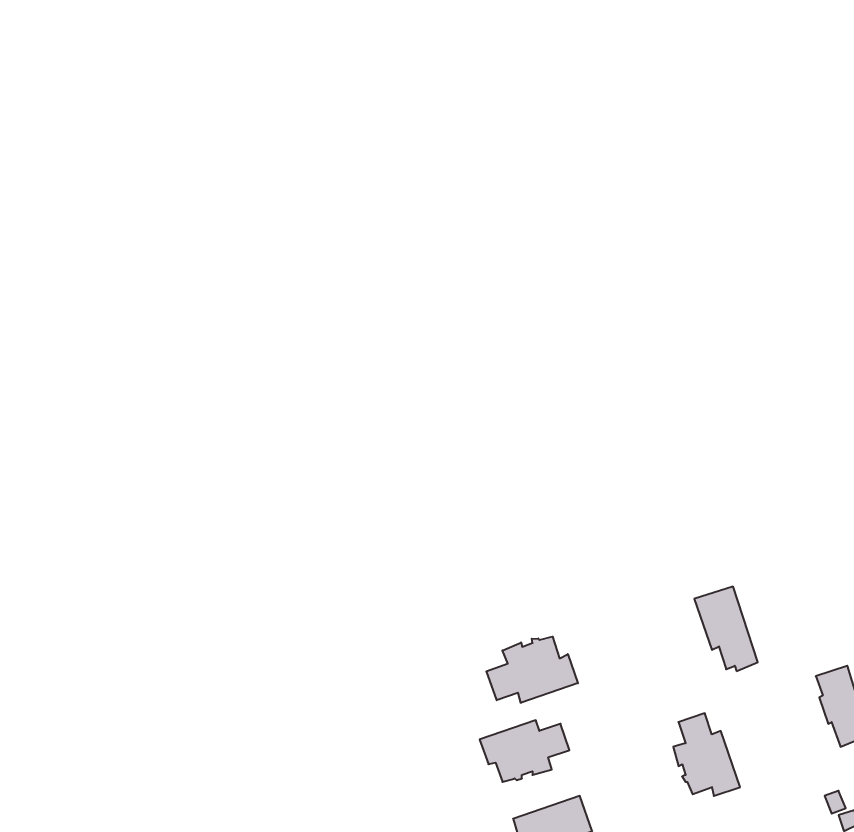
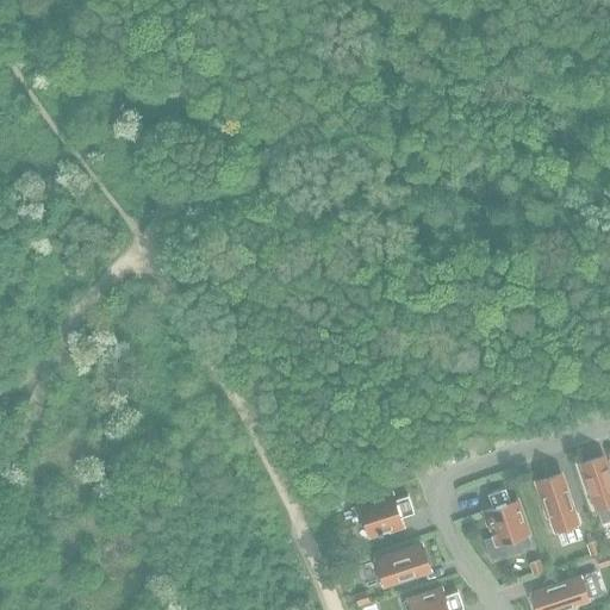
building: [694,587,758,671] -> [535,475,578,533]
building: [486,637,578,703] -> none

